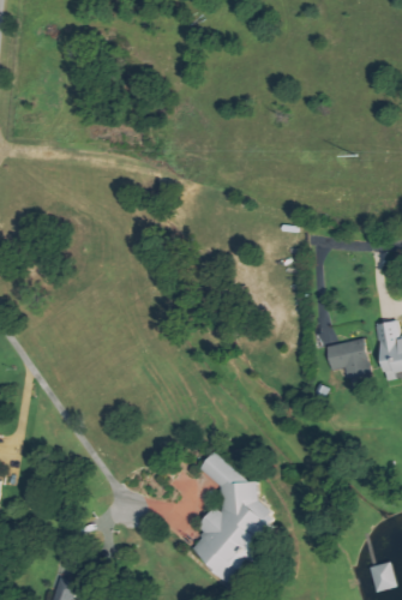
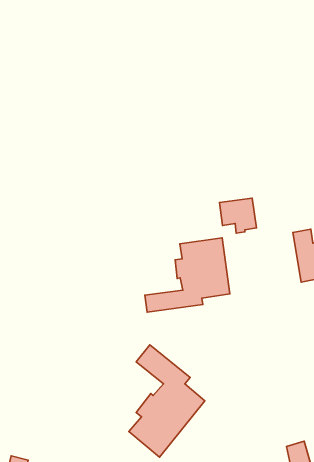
building: none -> [145,238,230,312]
building: [326,338,368,378] -> [219,198,256,233]

